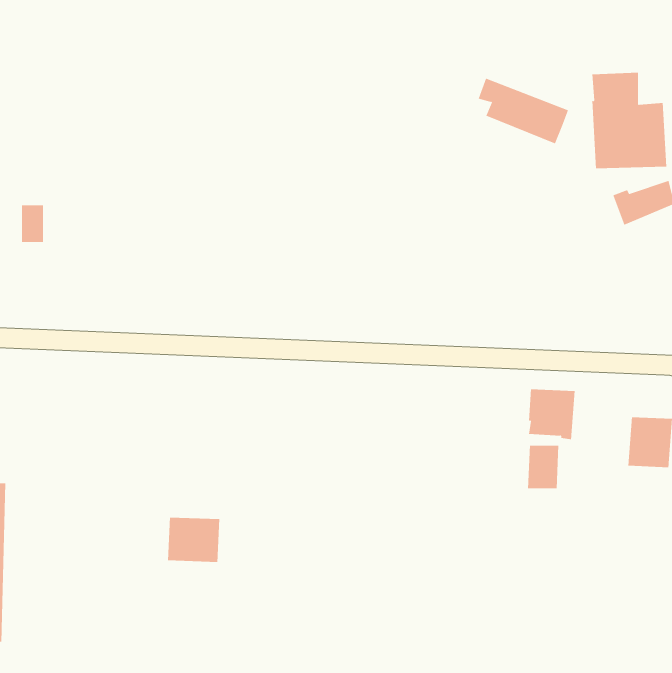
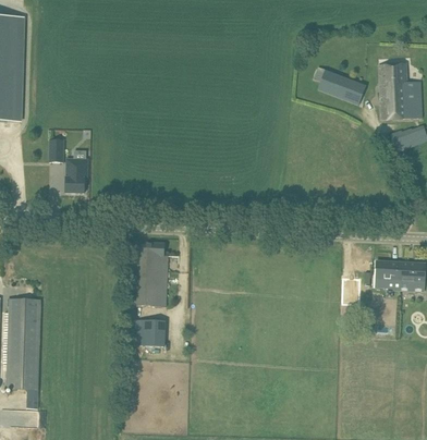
building: none -> [65,158,87,192]
building: none -> [135,242,168,309]
building: [528,389,576,440] -> [375,260,402,290]

